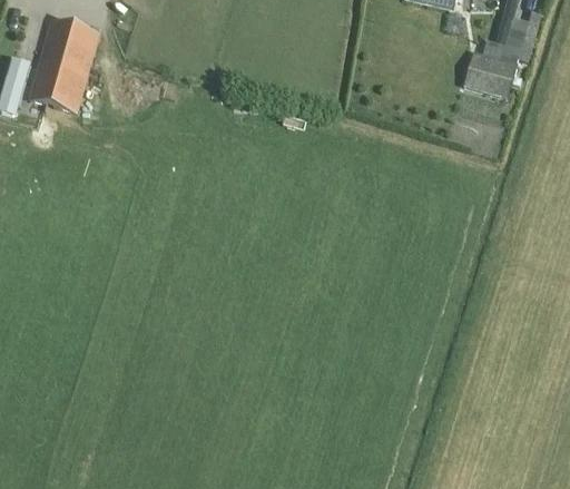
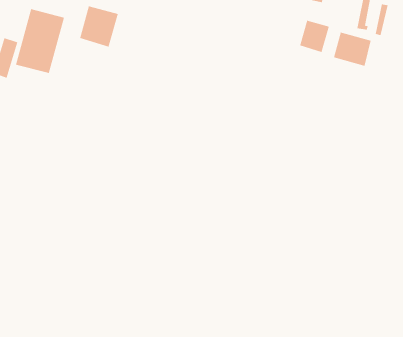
building: none -> [80,5,118,47]
building: none -> [299,20,330,53]

